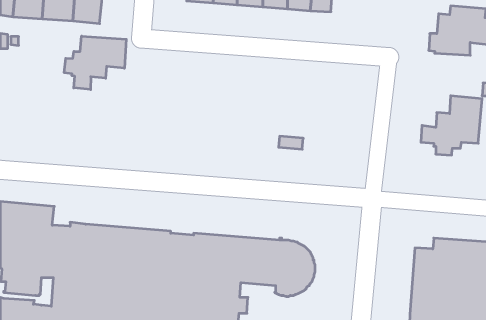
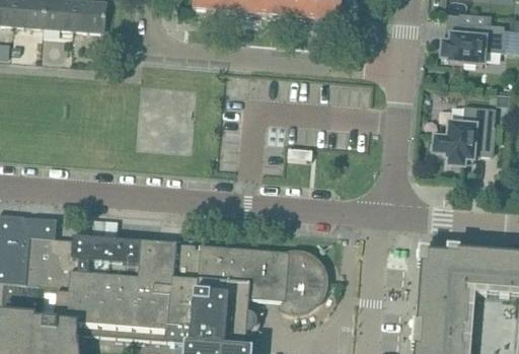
building: [64,36,126,90] -> none

